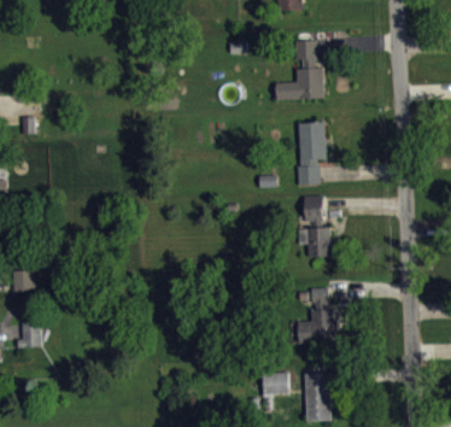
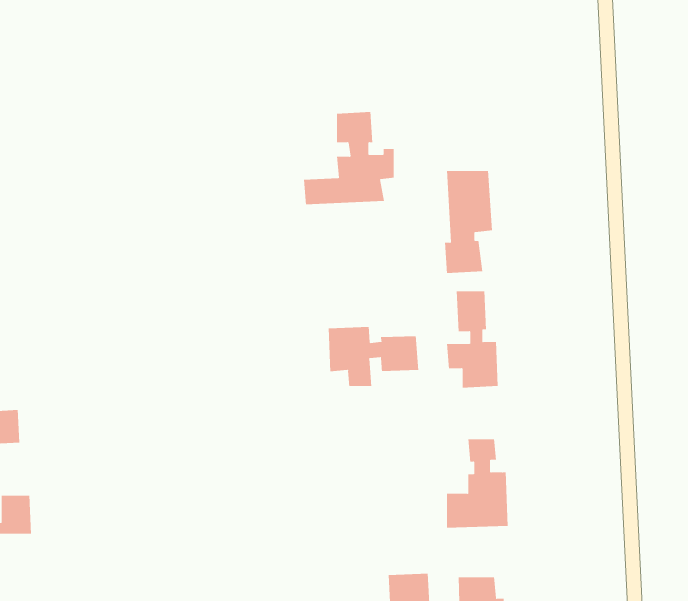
building: [276,40,333,98] -> [303,112,394,205]
building: none -> [328,326,419,387]

